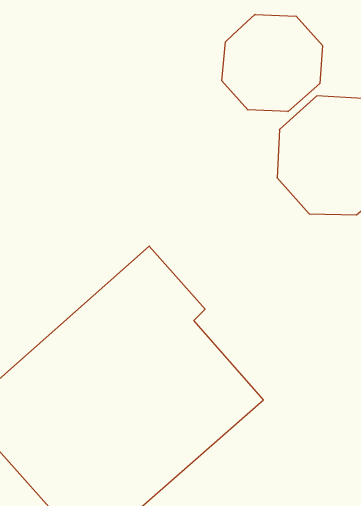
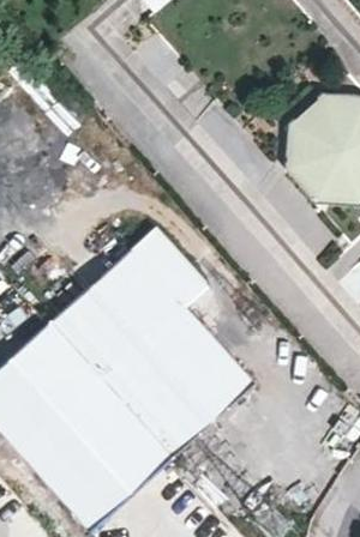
building: [222,14,322,112] -> none

